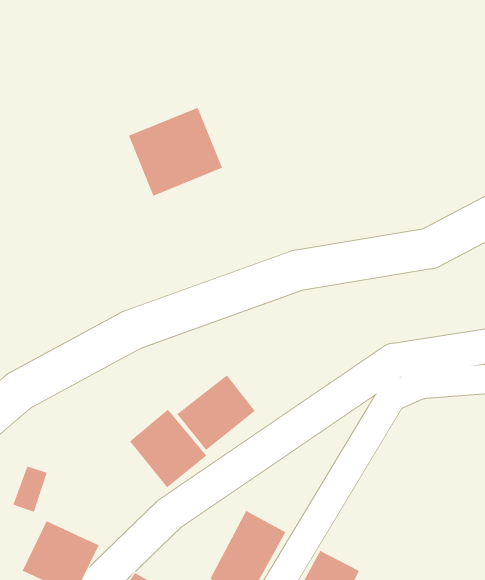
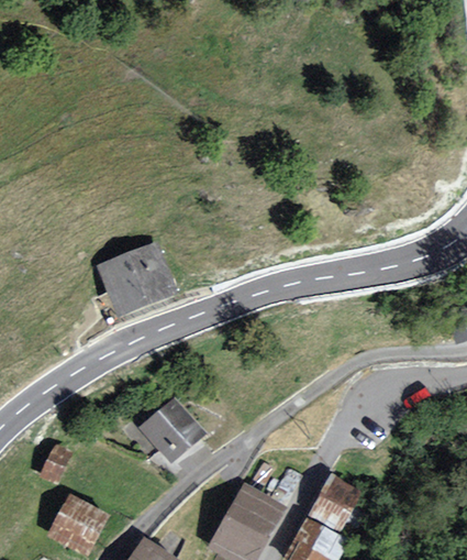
building: [128,107,223,196] -> [91,245,171,321]
building: [176,374,255,451] -> none
building: none -> [309,476,352,524]

